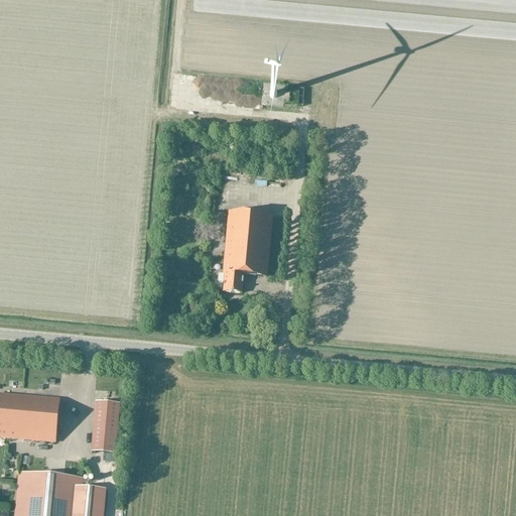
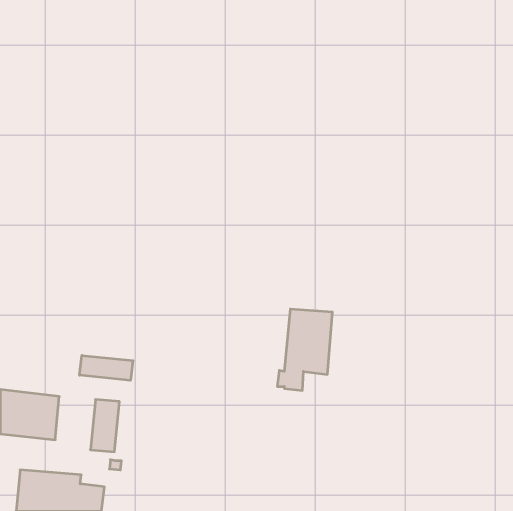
building: [217,211,272,292] -> [277,309,332,390]
building: none -> [80,355,133,380]

